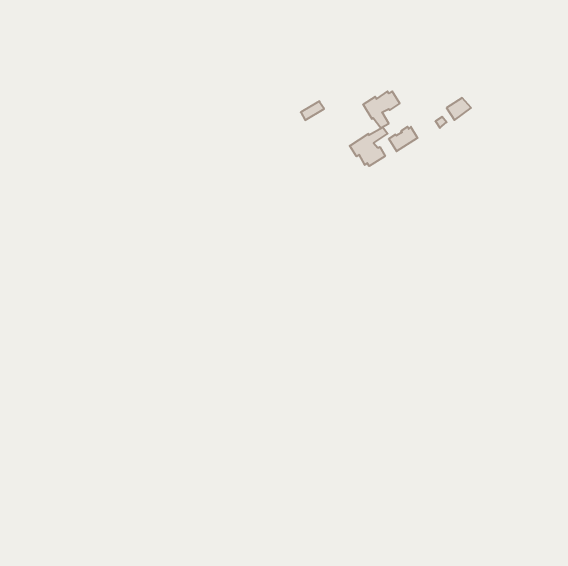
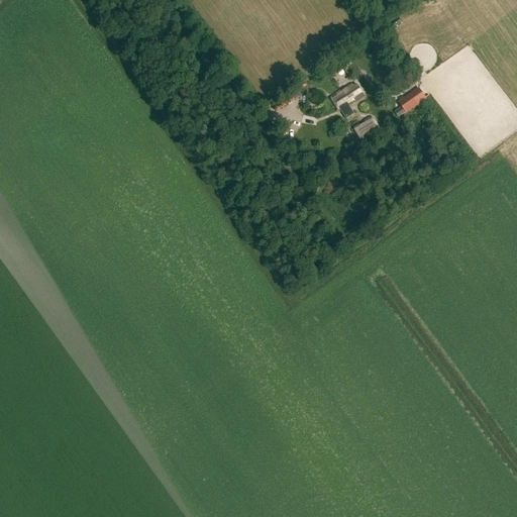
building: [350,127,388,166] -> none

